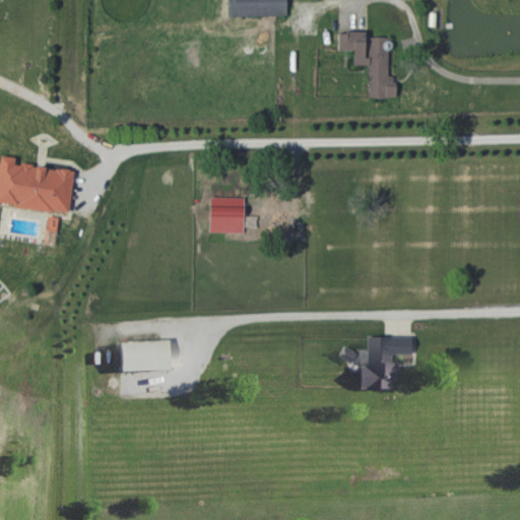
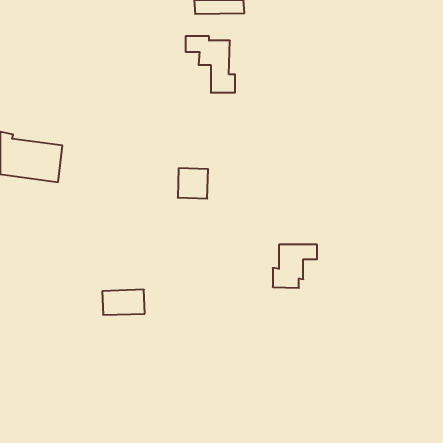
building: [337,31,395,98] -> [186,36,235,93]
building: [360,336,411,387] -> [273,245,317,288]

